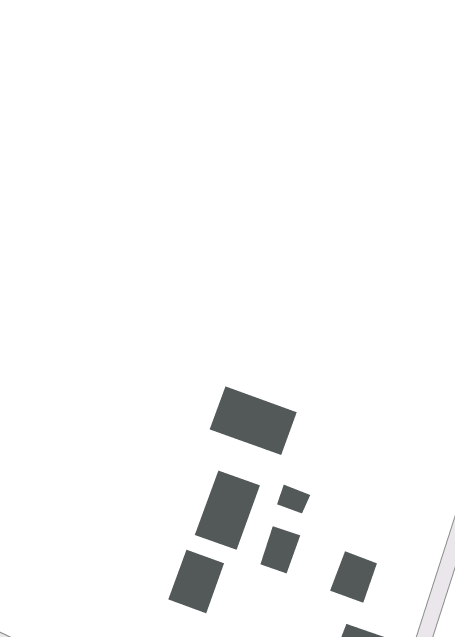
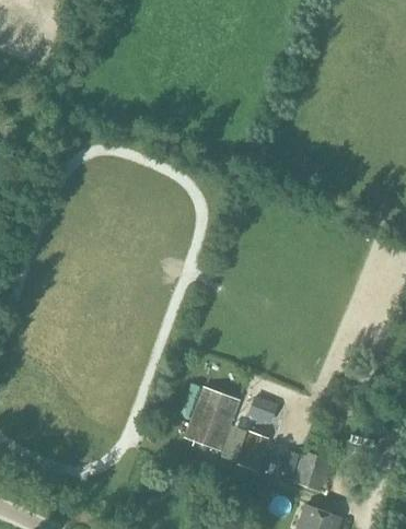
building: [209,386,298,456] -> none
building: [168,549,225,614] -> none

